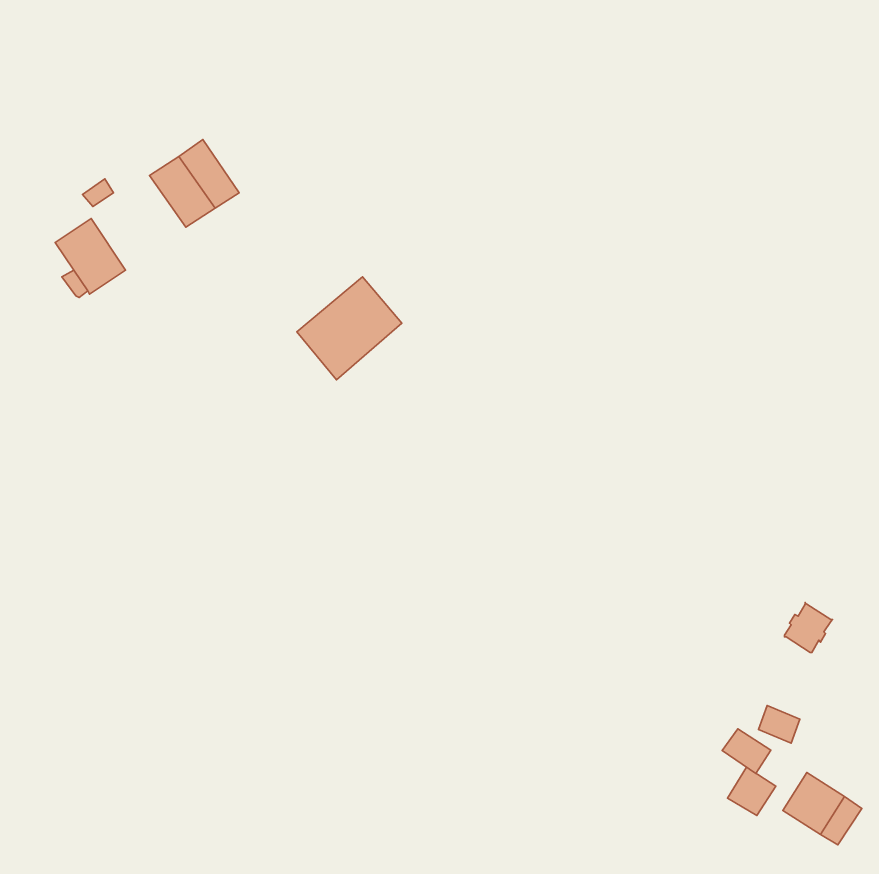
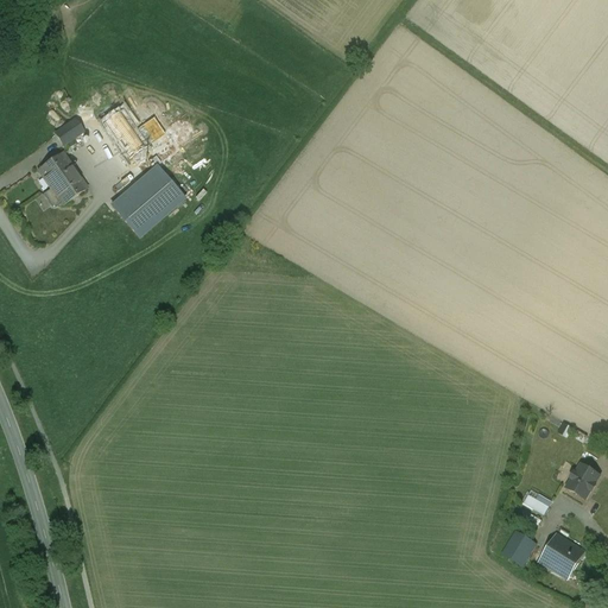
building: [297,277,402,380] -> [112,165,184,236]
building: [784,602,833,652] -> [566,462,600,496]
building: [722,729,771,773] -> none

